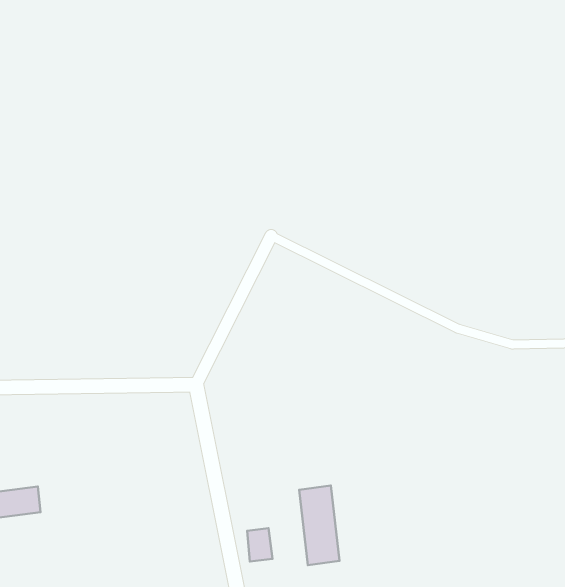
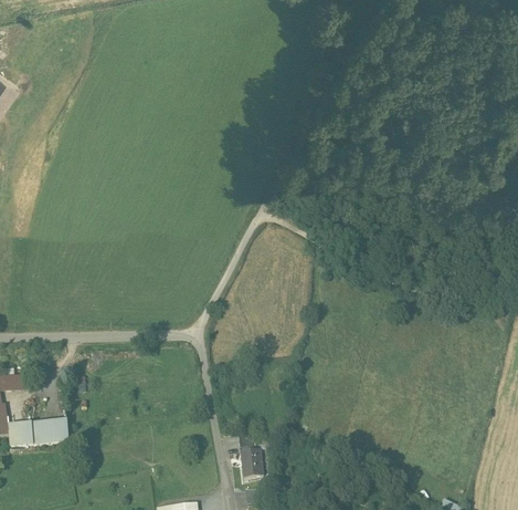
building: [299,485,340,565] -> none

